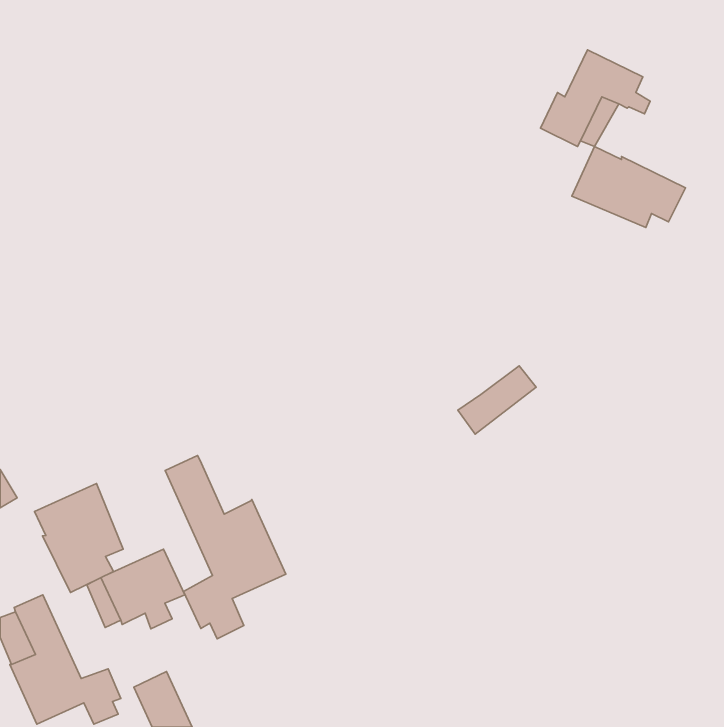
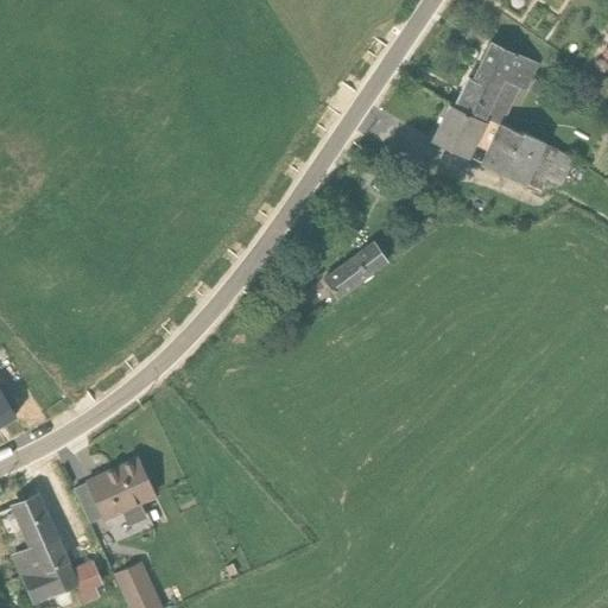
building: none -> [433,104,487,158]
building: [458,366,536,434] -> [324,243,390,300]
building: [165,456,286,639] -> none
building: [34,483,123,592] -> none

